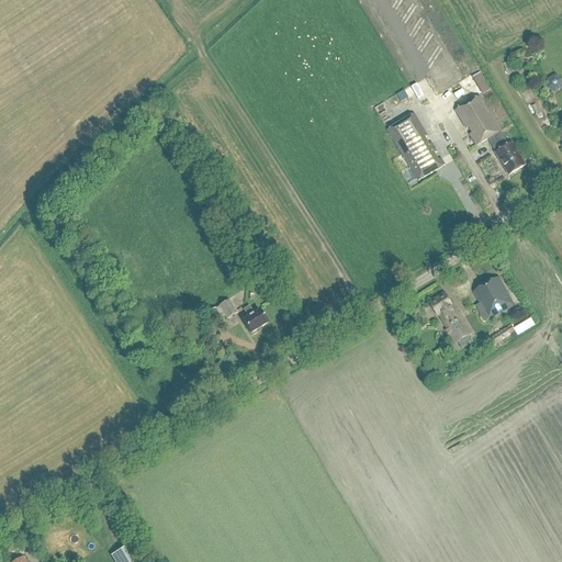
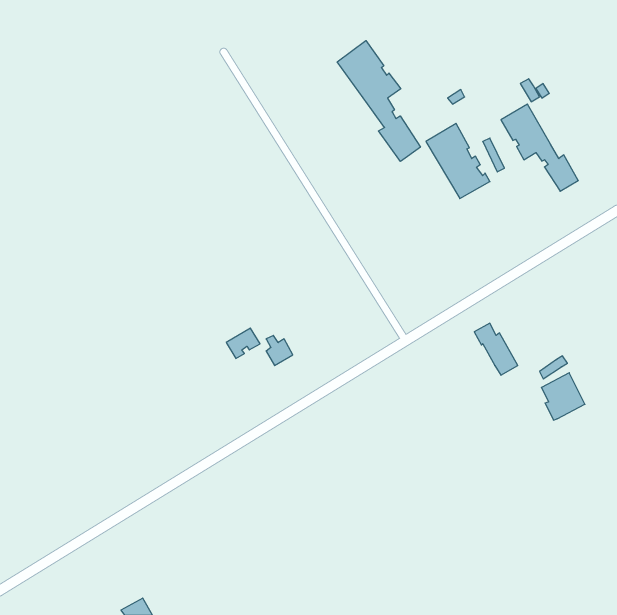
building: none -> [337,41,420,161]
building: [473,277,513,319] -> [541,373,585,420]

